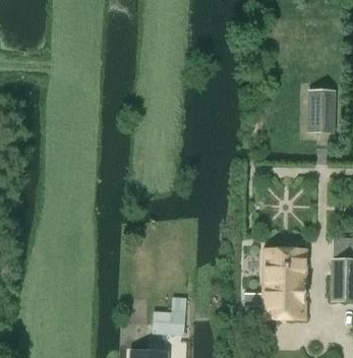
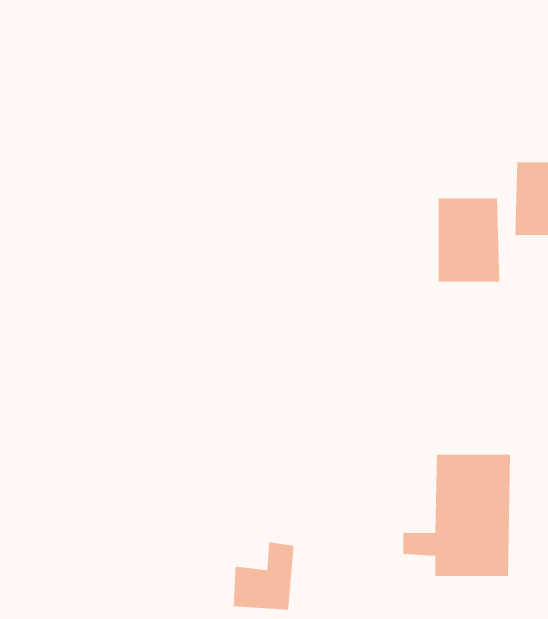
building: none -> [438,198,500,282]

